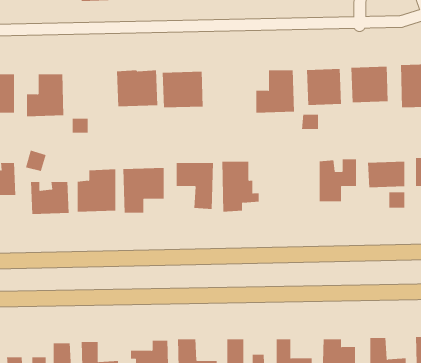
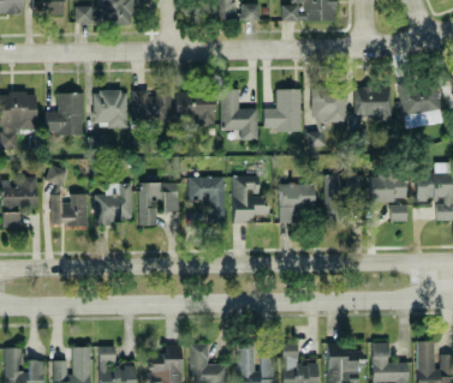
building: none -> [220,90,258,140]
building: none -> [94,91,127,128]
building: none -> [279,184,315,225]

